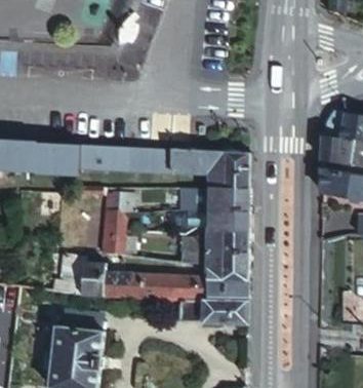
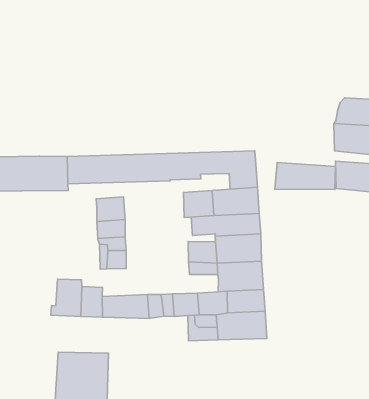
building: none -> [275,163,336,189]

